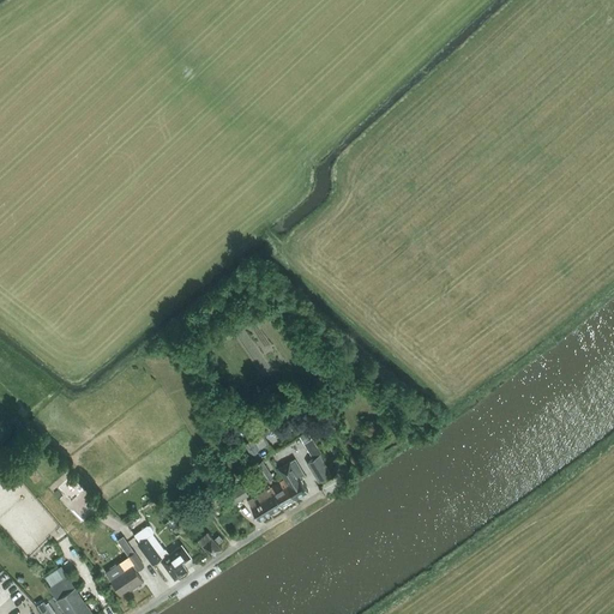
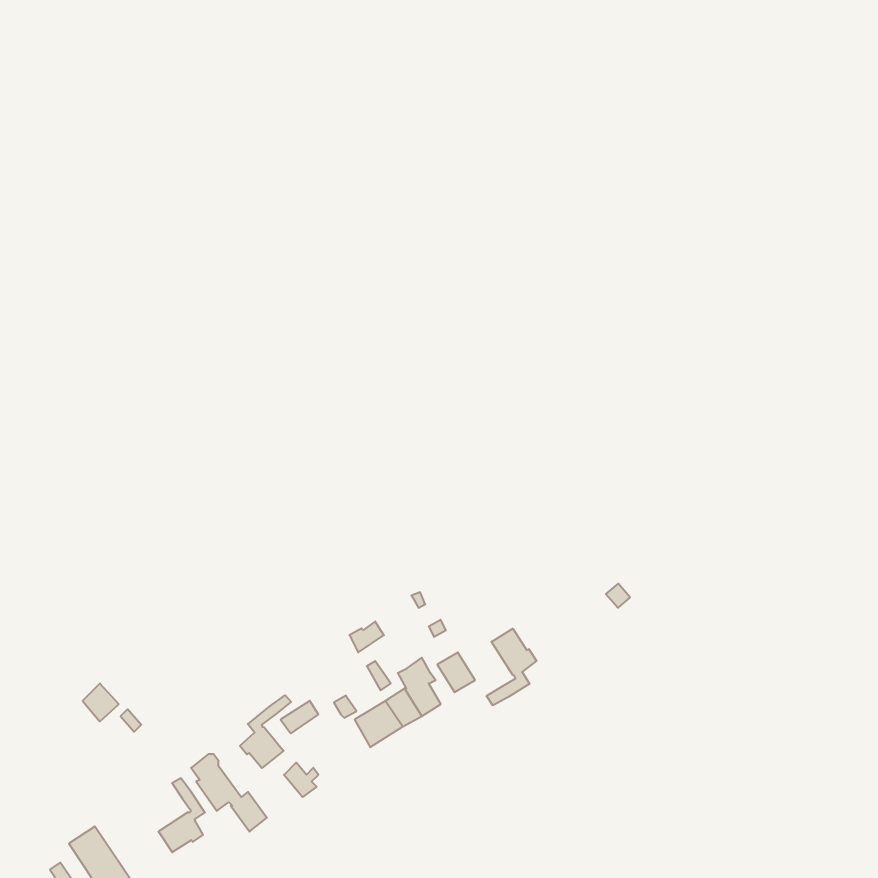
building: none -> [487,629,536,705]
building: none -> [240,695,291,768]

